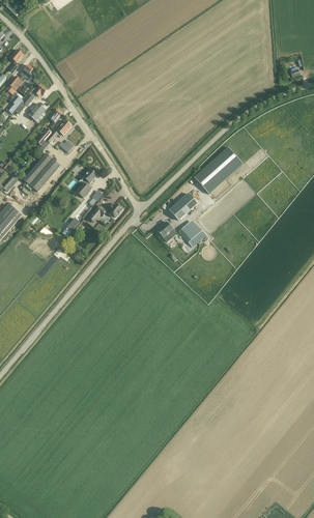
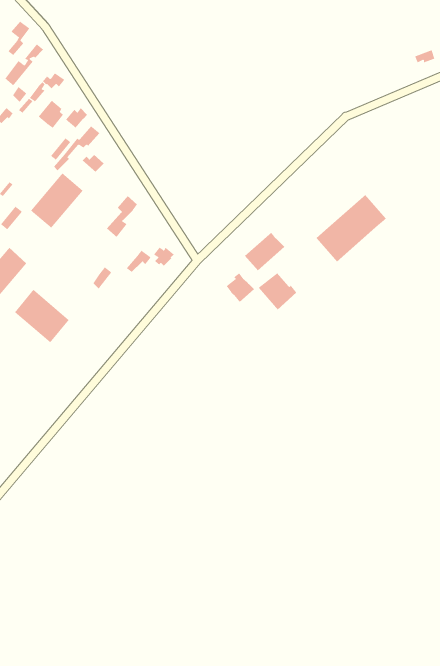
building: [194,146,242,193] -> [316,194,387,262]
building: none -> [14,289,70,343]

